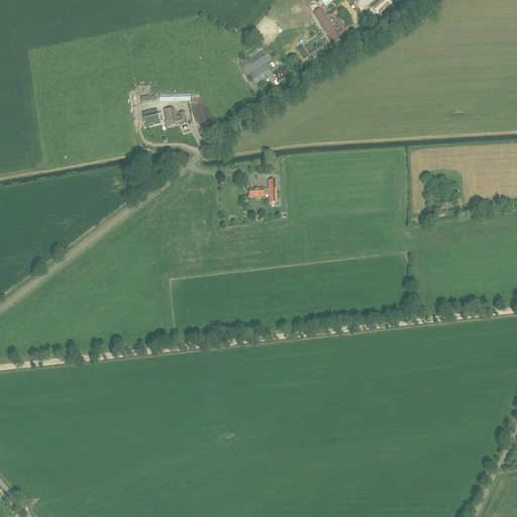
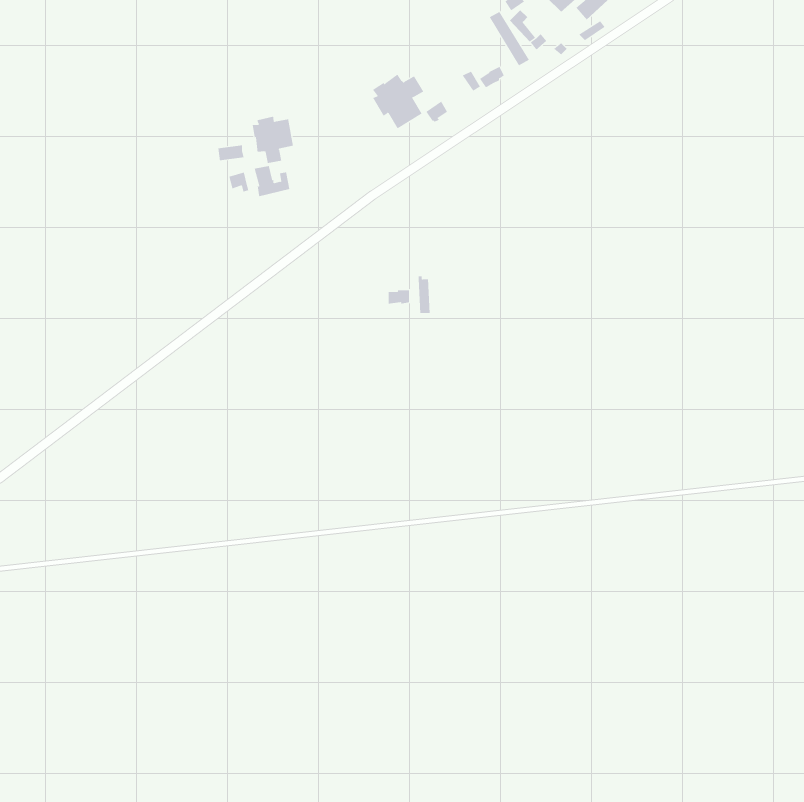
building: none -> [252,116,294,164]

